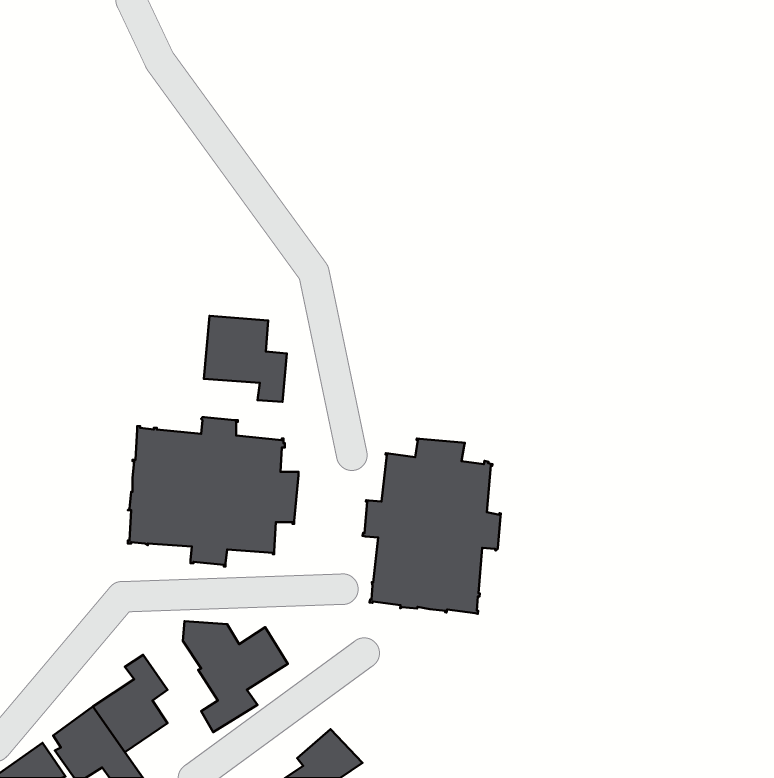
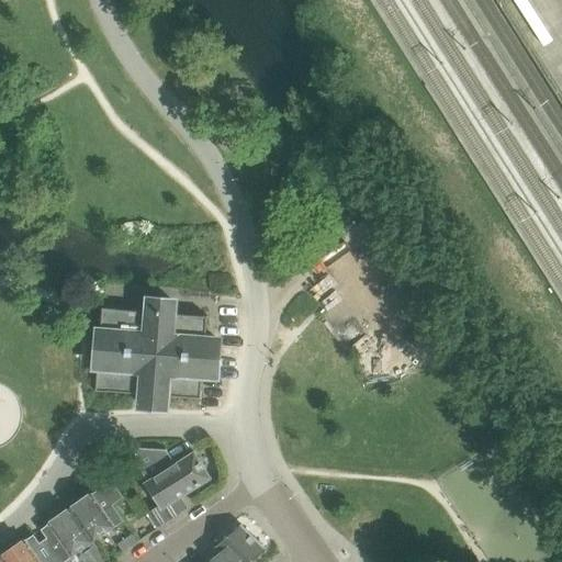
building: [204,316,287,402] -> none
building: [363,438,501,614] -> none

